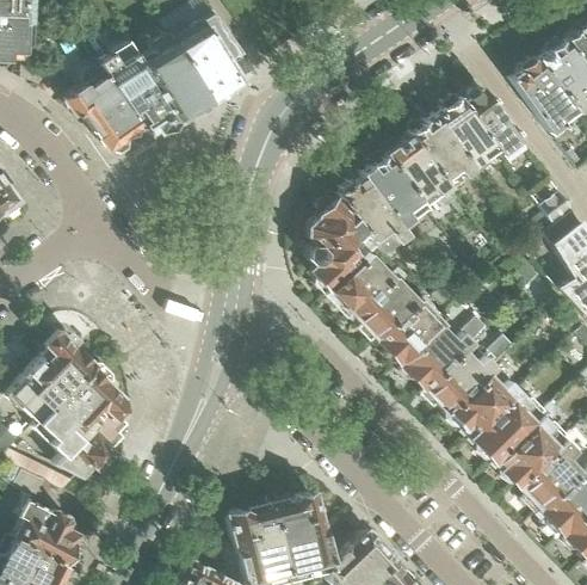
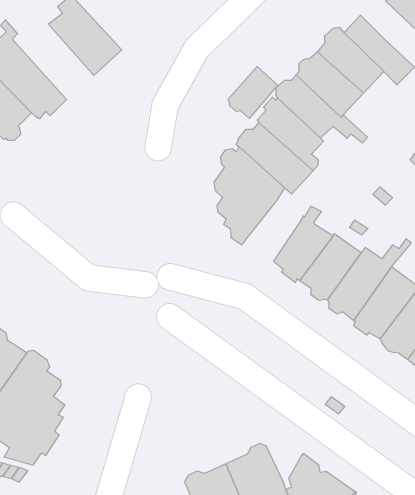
building: [140,43,211,121] -> none
building: none -> [228,66,278,118]
building: [328,257,393,316] -> none

